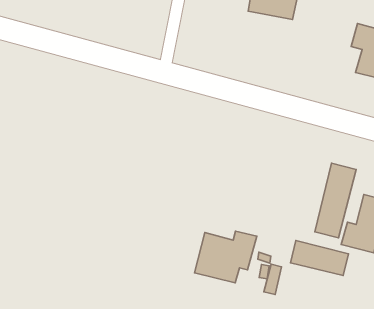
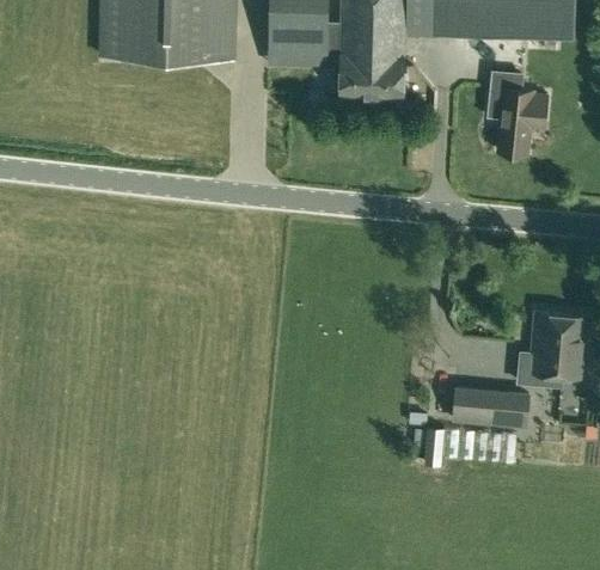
building: [315,163,356,238] -> none
building: [194,231,257,283] -> none

